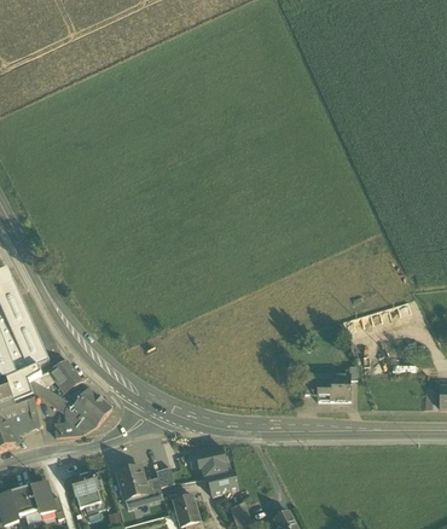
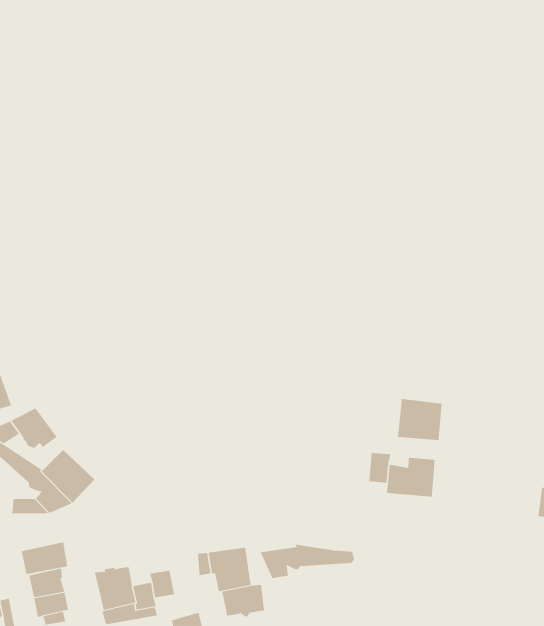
building: none -> [398,398,442,441]
building: none -> [260,544,355,579]
building: none -> [21,541,68,575]

